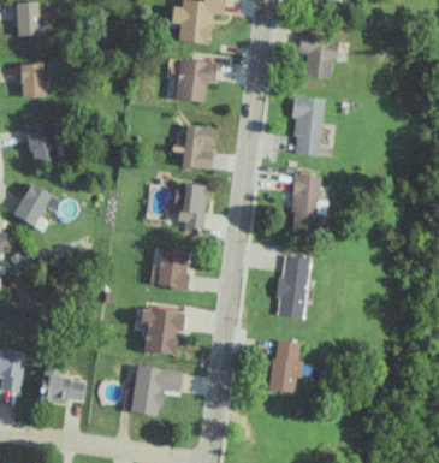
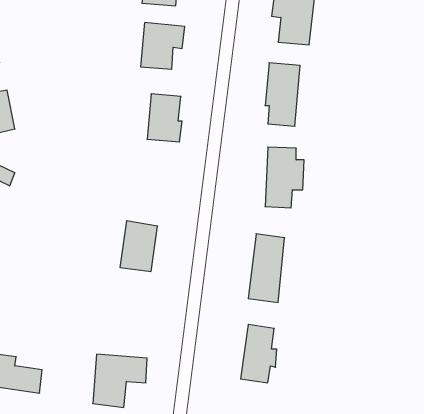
building: [180,184,207,227] -> none
building: [141,305,185,356] -> none

